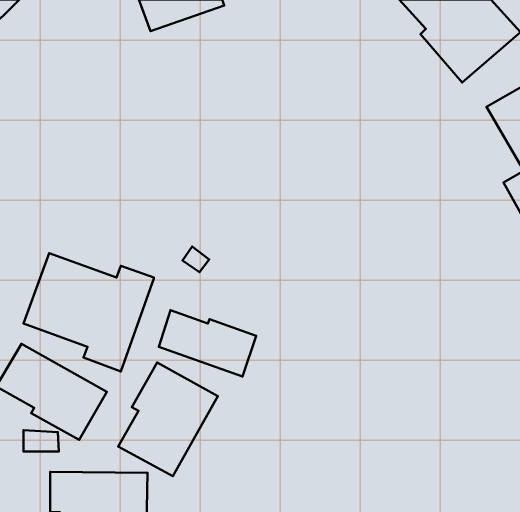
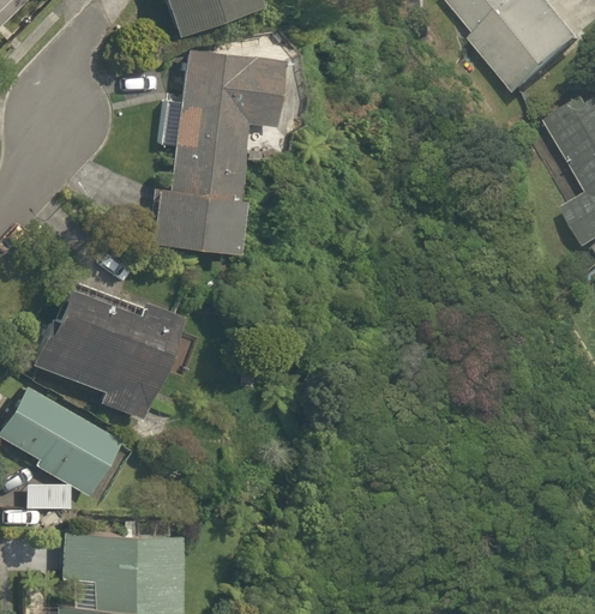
building: none -> [150,50,286,252]
building: [159,310,256,377] -> none
building: [118,363,218,476] -> none

